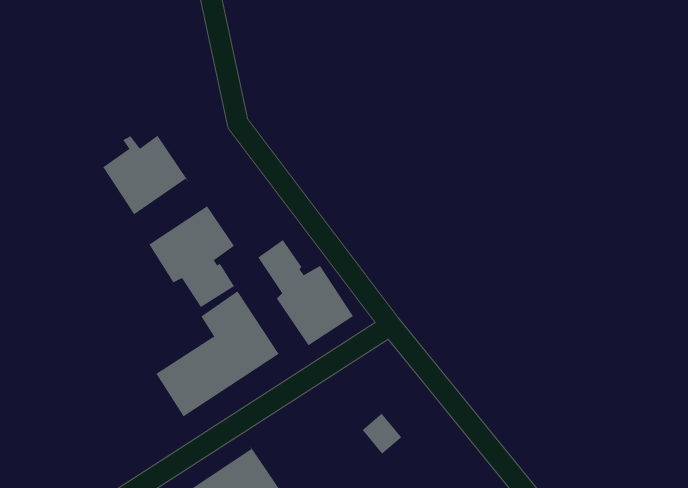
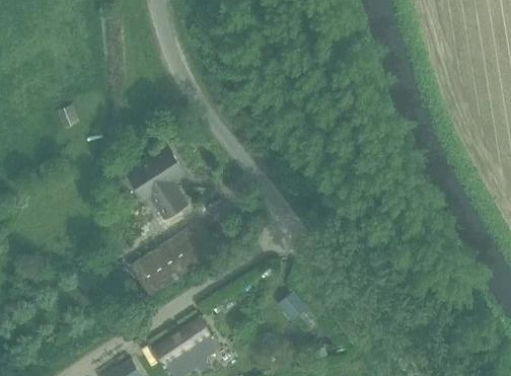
building: [102,135,188,215] -> none
building: [257,239,354,346] -> none

